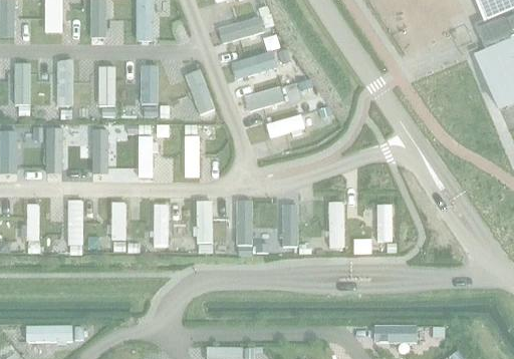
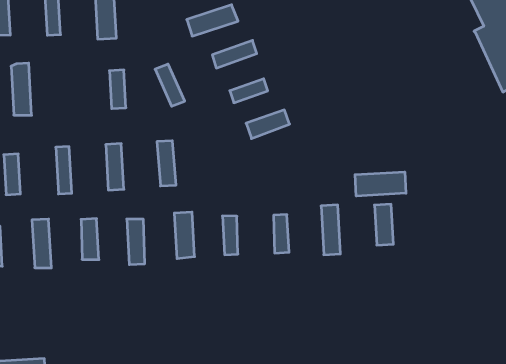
building: [98,66,114,105] -> none
building: none -> [355,172,406,196]
building: [374,326,416,342] -> none

